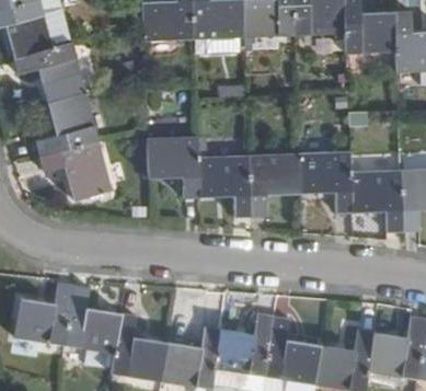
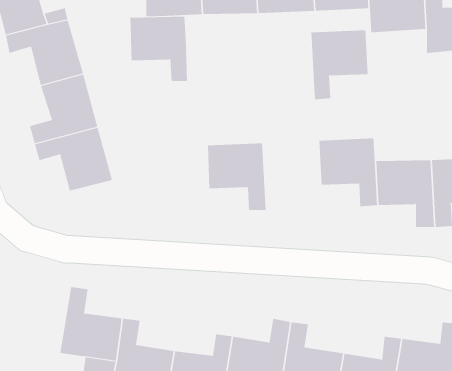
building: [147,137,199,196] -> [130,16,188,81]
building: [249,152,301,216] -> [310,30,369,100]
building: [15,283,74,345] -> none

